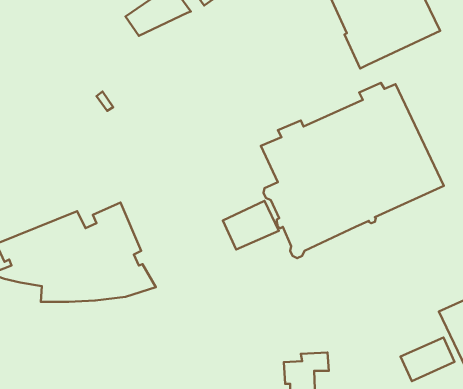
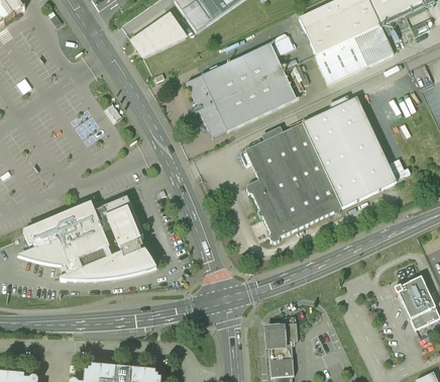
building: none -> [185,34,295,136]
building: [223,201,279,250] -> none
building: [400,338,454,381] -> none

